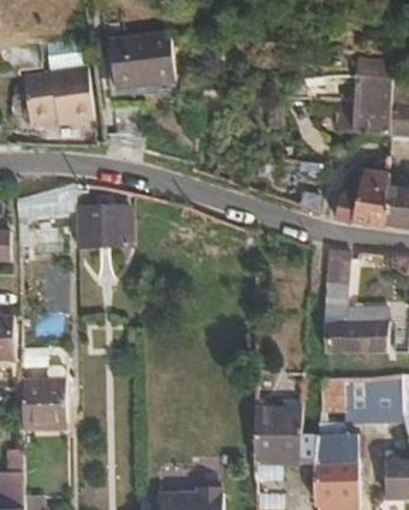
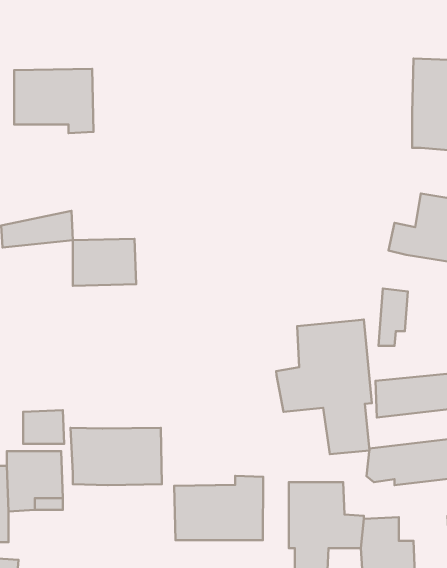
building: [119,36,184,90] -> none
building: none -> [276,320,372,454]
building: none -> [71,428,162,485]
building: none -> [174,476,263,540]

